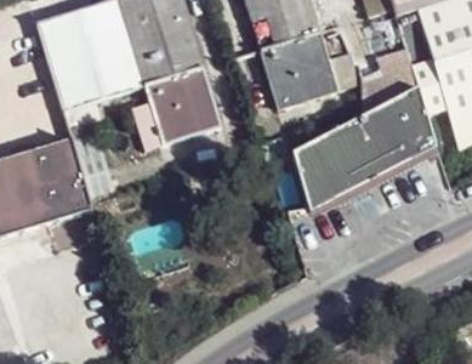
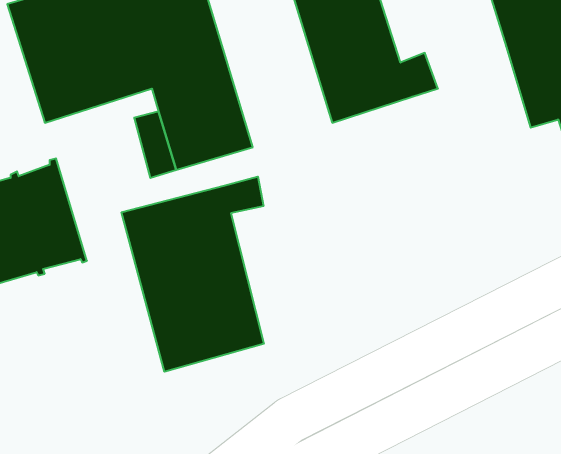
building: [297,52,437,224] -> none
building: none -> [122,177,264,372]

